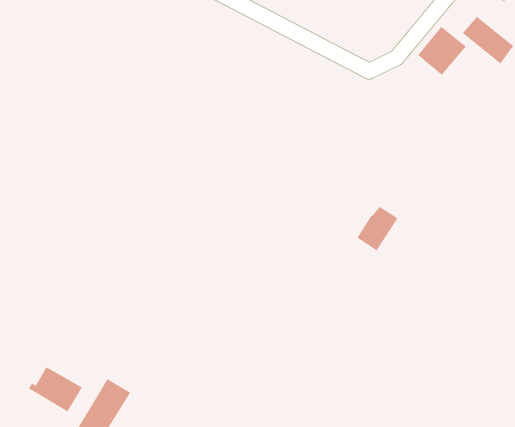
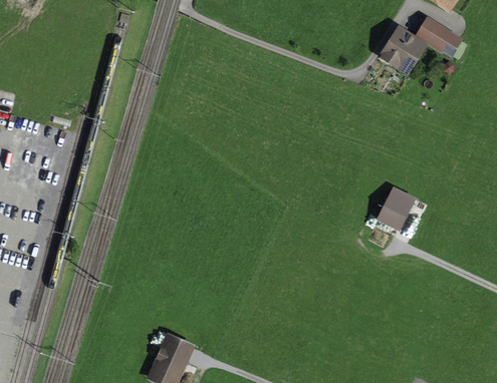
building: [357,206,398,252] -> [379,187,410,224]
building: [28,366,83,412] -> none

